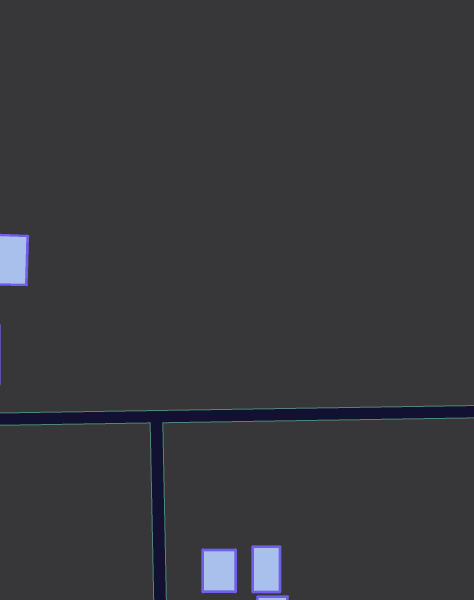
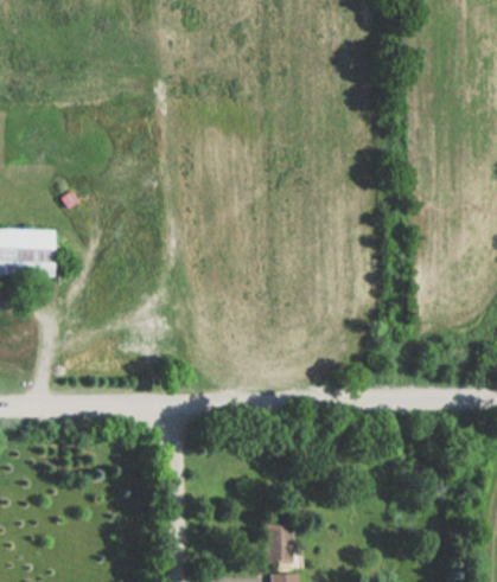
building: [203,550,235,592] -> none

